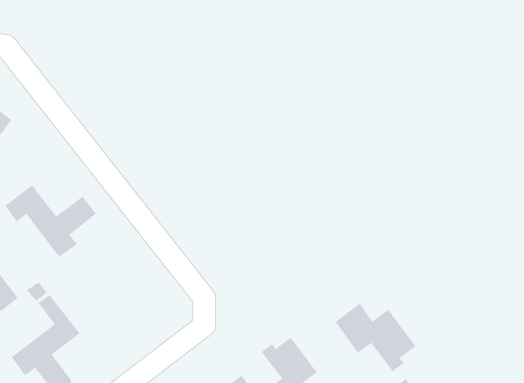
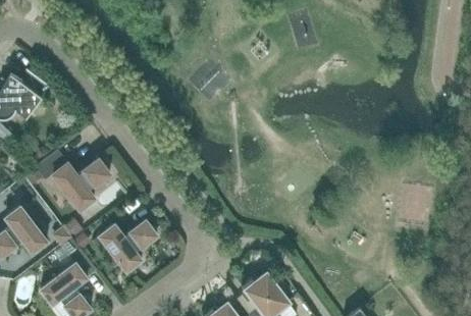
building: none -> [93,220,157,271]
building: [335,303,416,372] -> none

